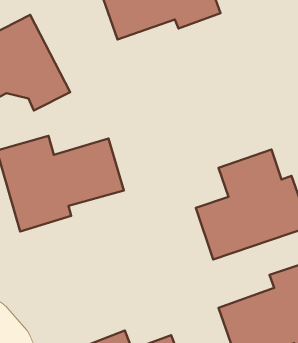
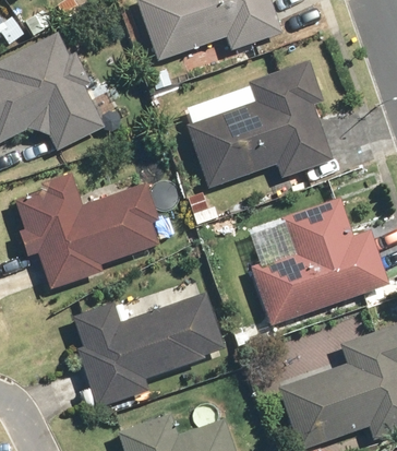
building: none -> [184,59,333,189]
building: none -> [71,293,224,405]

